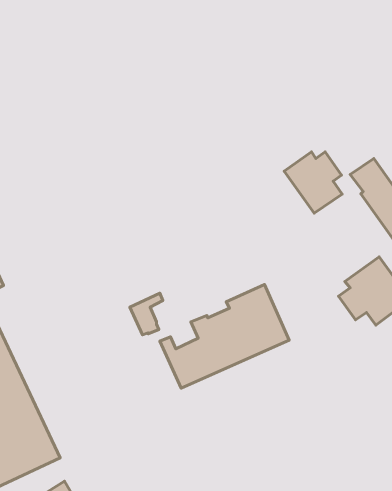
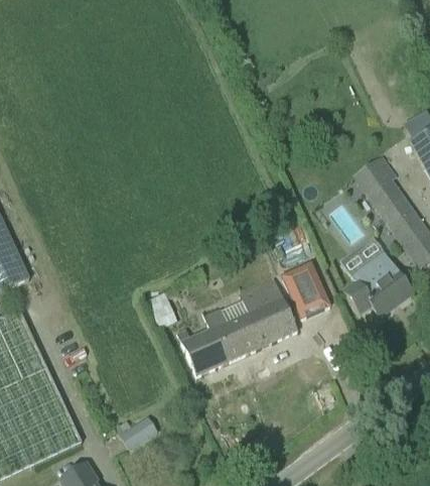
building: [284,152,342,213] -> none
building: none -> [280,261,330,319]
building: none -> [120,415,157,449]

